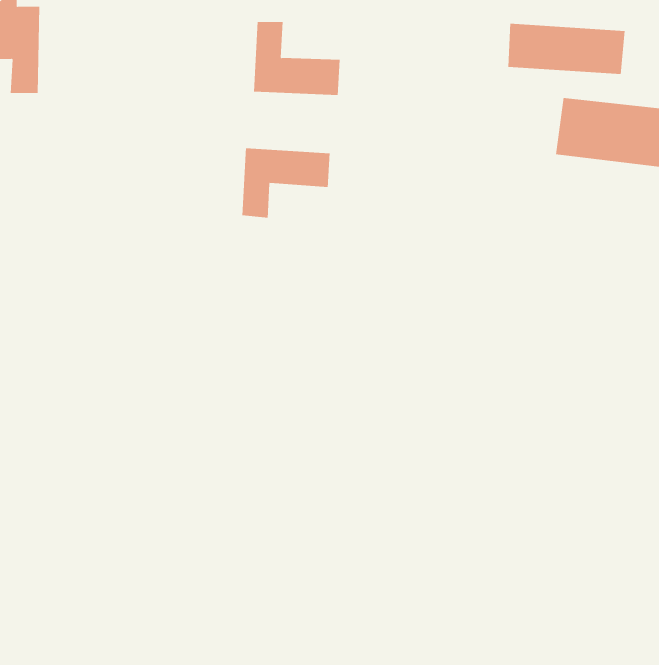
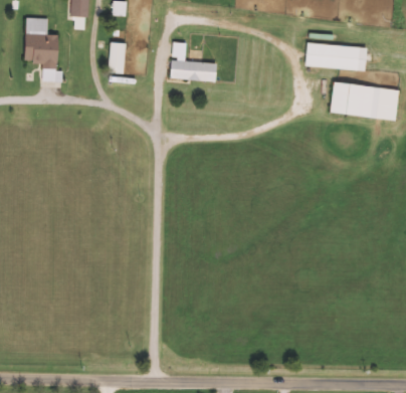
building: none -> [108,41,125,73]
building: [242,148,330,219] -> none

